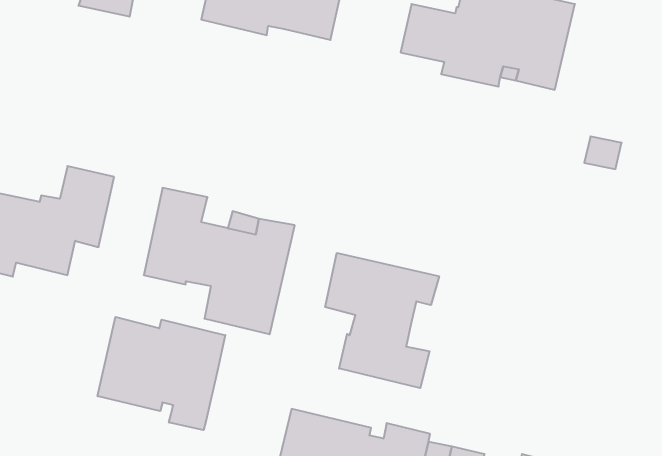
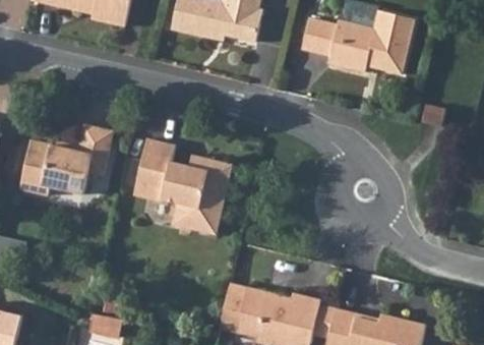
building: [325,253,439,388] -> none
building: [98,317,225,430] -> none

